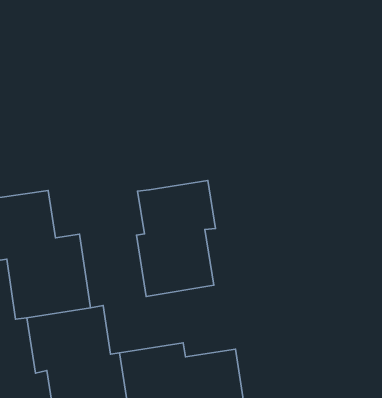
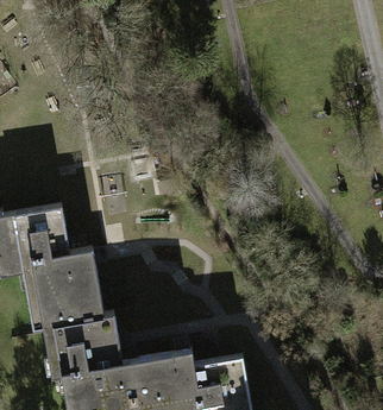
building: [137,181,215,296] -> none

